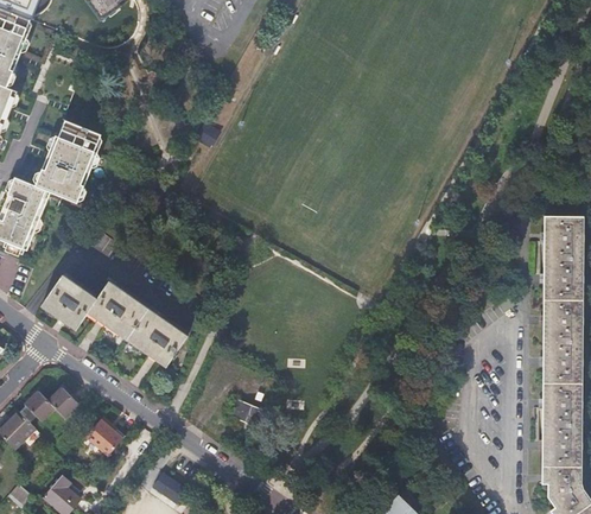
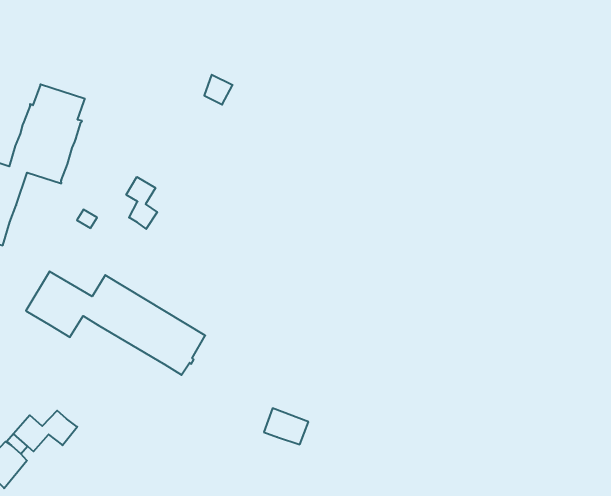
building: none -> [126,177,157,229]
building: [85,417,123,456] -> none

